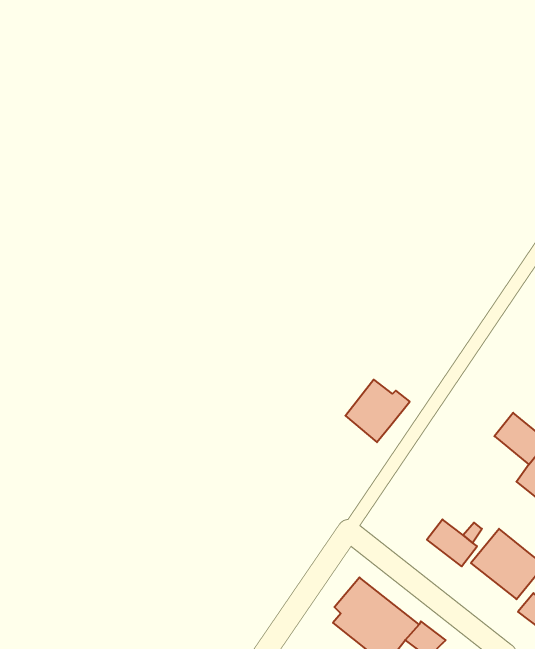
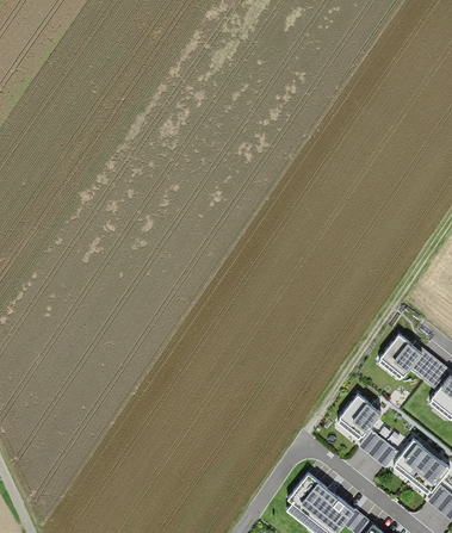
building: [345,380,410,442] -> [377,334,426,382]
building: none -> [338,393,382,439]

